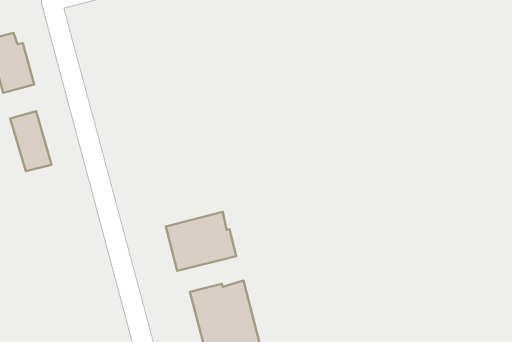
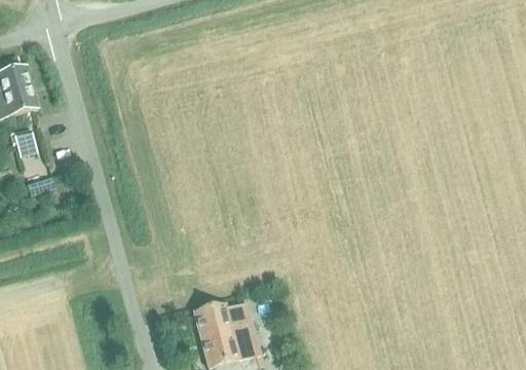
building: [166,212,236,271] -> none

